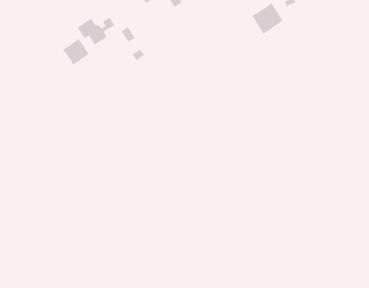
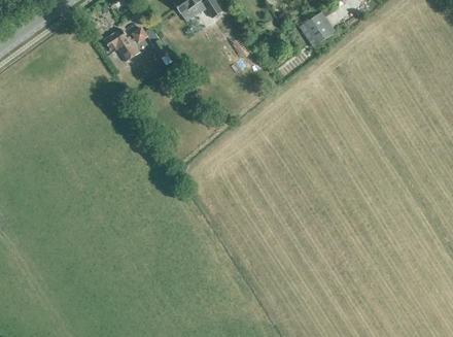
building: [63,38,90,66] -> none

